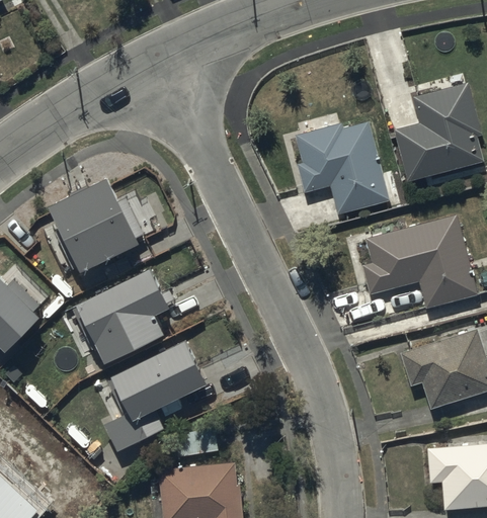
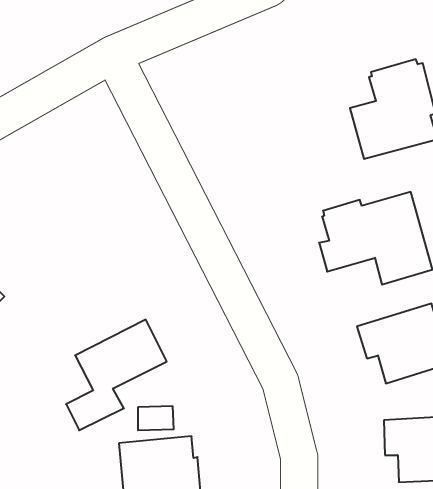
building: [295,121,389,213] -> none
building: [49,180,141,275] -> none
building: [76,272,169,366] -> none

